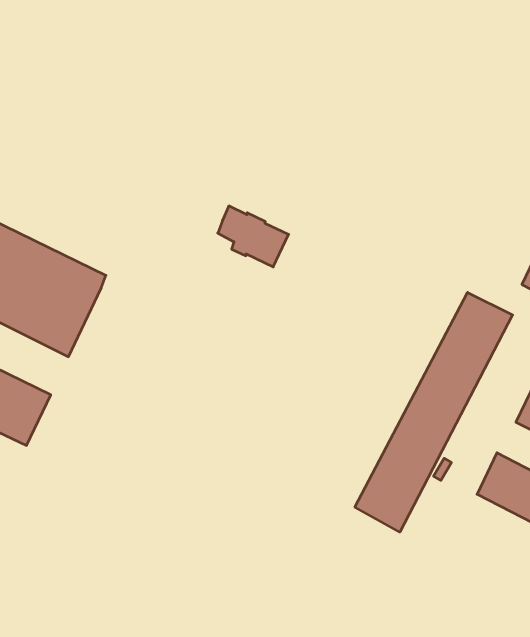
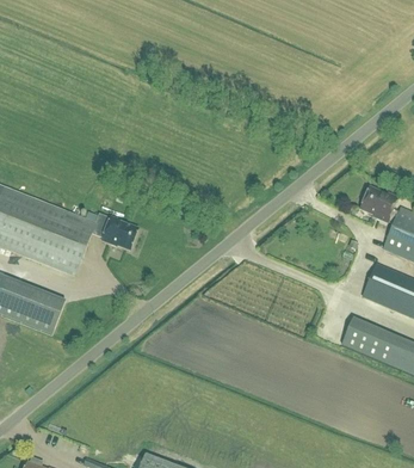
building: [218,206,289,267] -> [91,211,136,248]
building: [355,292,513,532] -> none

